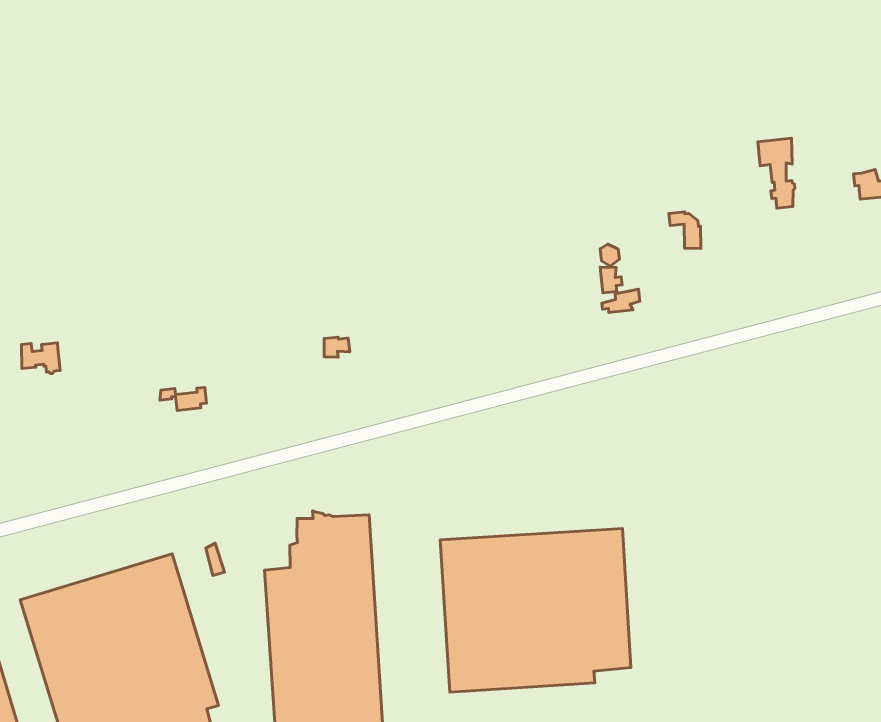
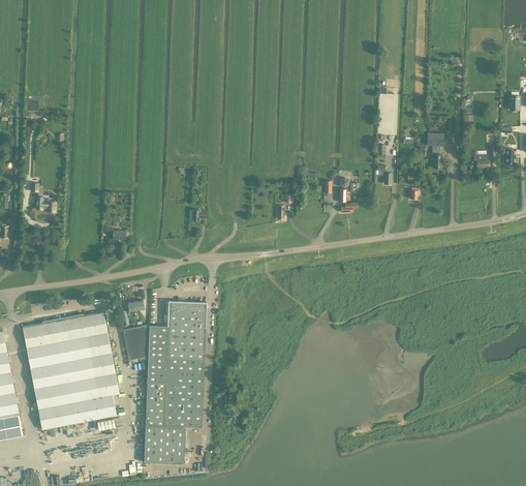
building: [440,528,631,692] -> none
building: none -> [123,325,149,360]

